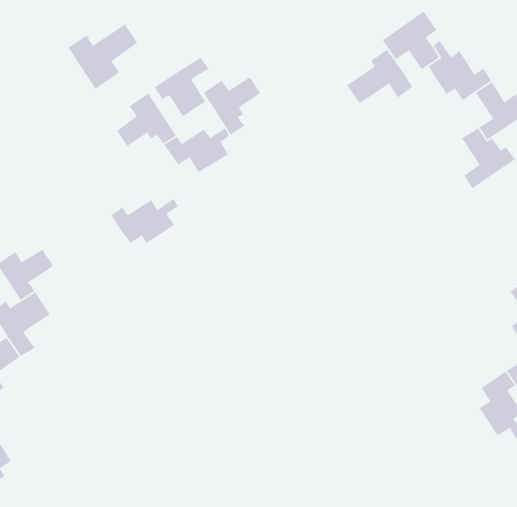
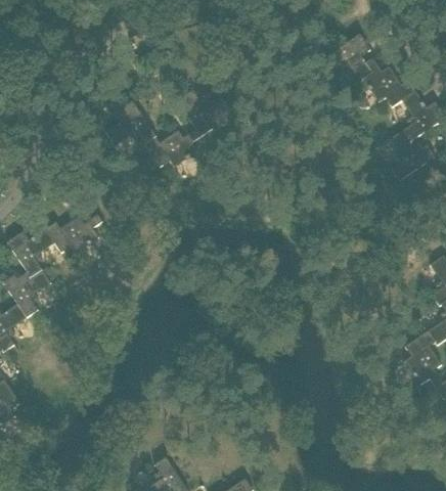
building: [68,24,138,90] -> none
building: [346,49,413,104] -> none
building: [154,57,209,117] -> none
building: [111,198,179,244] -> [45,215,101,253]

